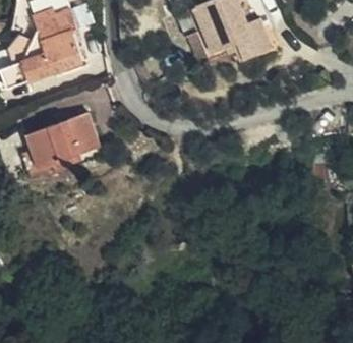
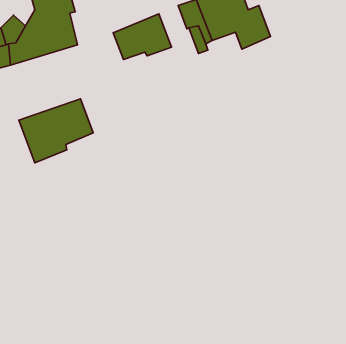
building: none -> [113,14,172,59]

